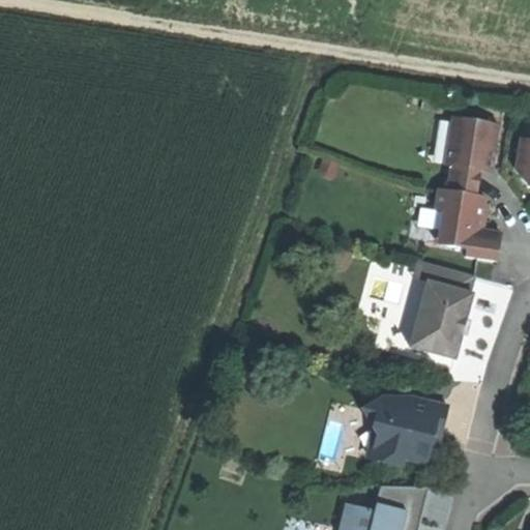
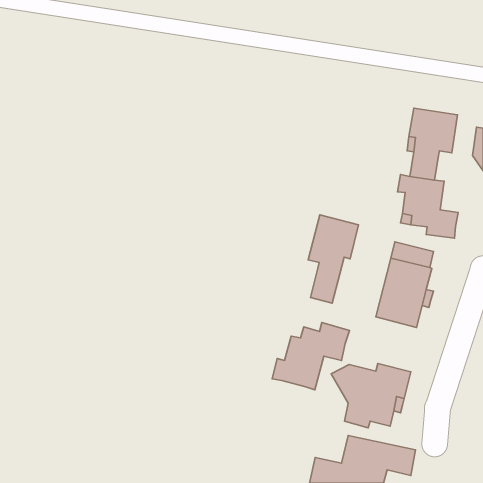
building: none -> [308,215,358,303]
building: none -> [272,323,349,390]

